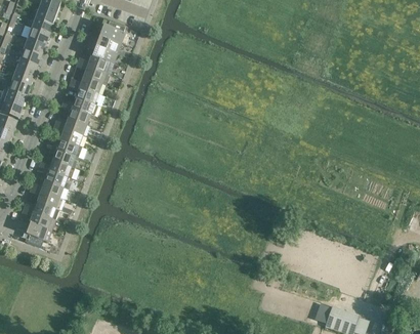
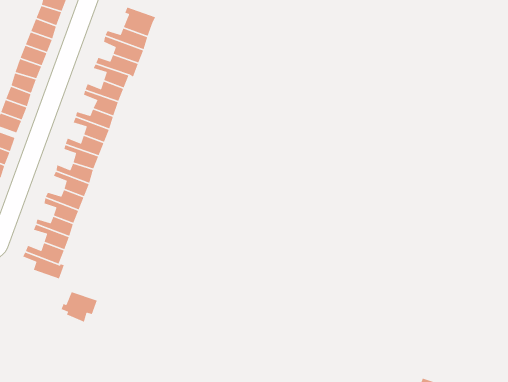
building: [22,223,50,248] -> [61,291,98,323]

